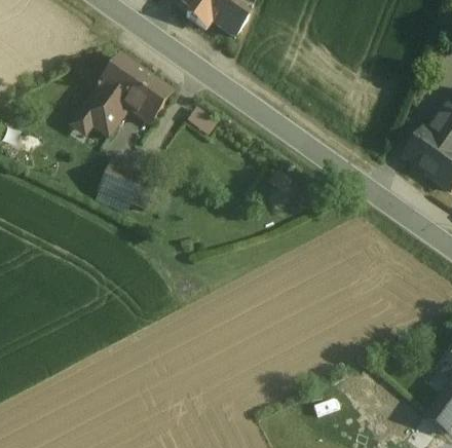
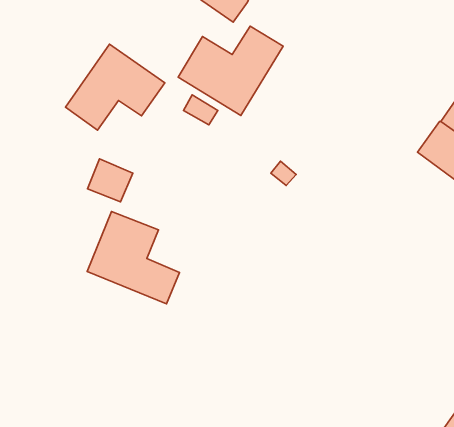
building: none -> [178,26,283,115]
building: none -> [87,211,180,304]

